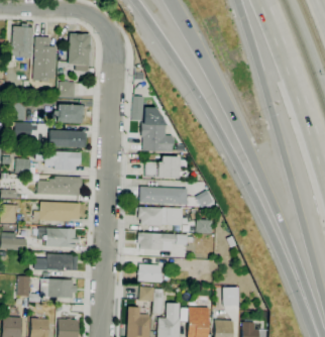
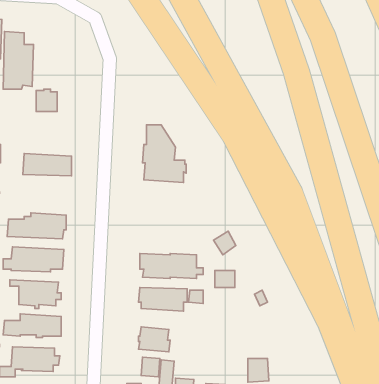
building: [69,33,91,72] -> none
building: [55,104,87,123] -> none
building: [36,150,82,171] -> none
building: [145,156,183,179] -> none
building: [140,186,188,205] -> none

